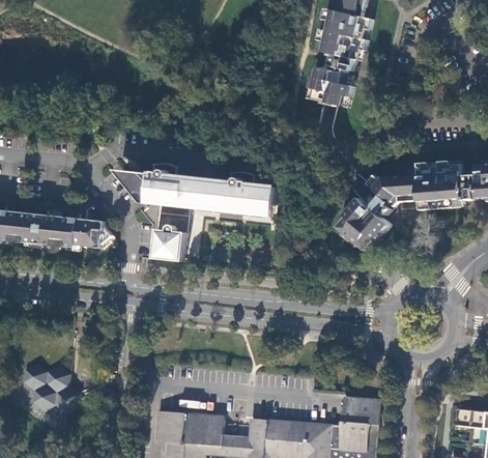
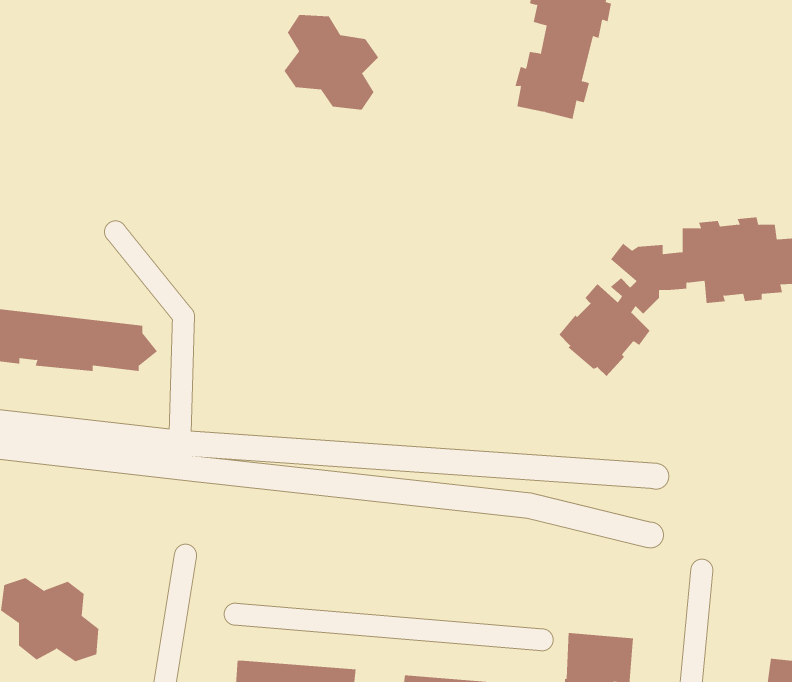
building: none -> [284,14,379,110]
building: [120,166,278,263] -> none

